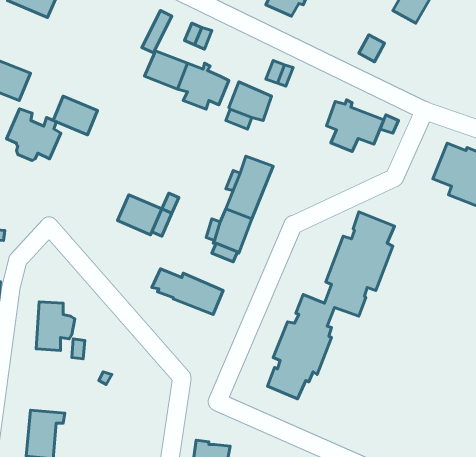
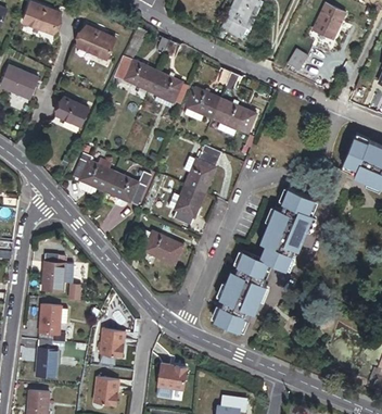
building: none -> [73,32,112,66]
building: [327,100,384,151] -> [214,97,257,136]
building: [7,109,61,160] -> [71,154,112,193]
building: none -> [37,302,63,339]
building: none -> [99,326,125,354]

